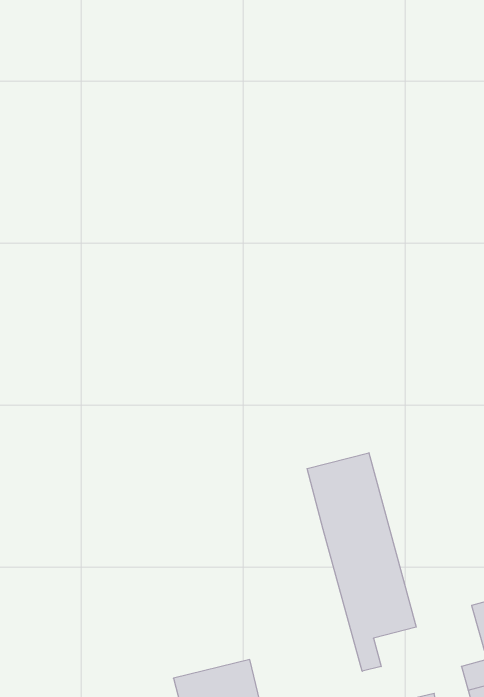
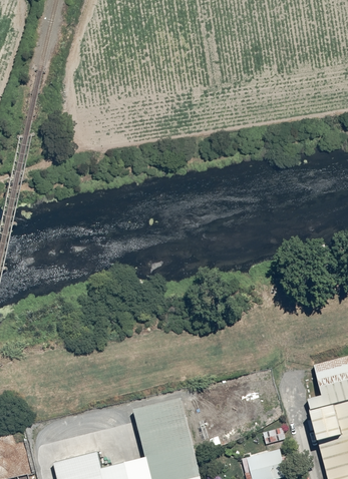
building: [307,453,416,671] -> none

